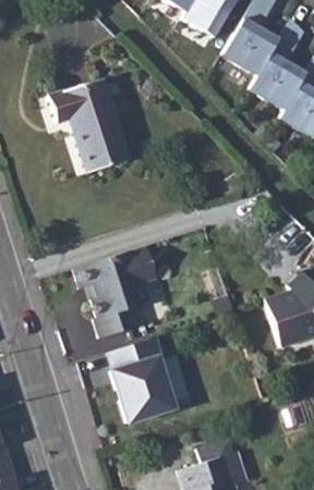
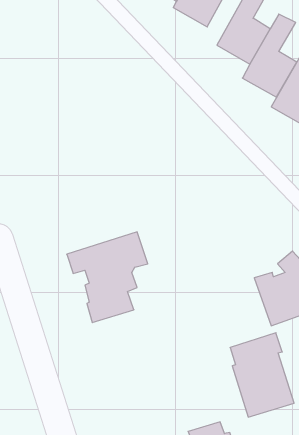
building: [48,79,131,173] -> none
building: [110,339,176,425] -> [230,333,294,417]

